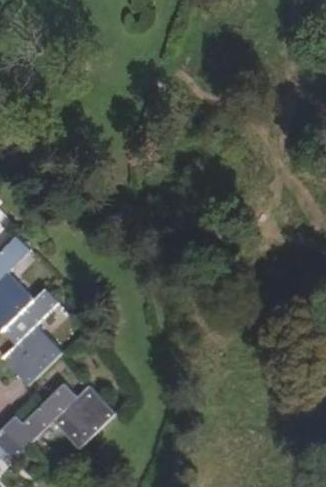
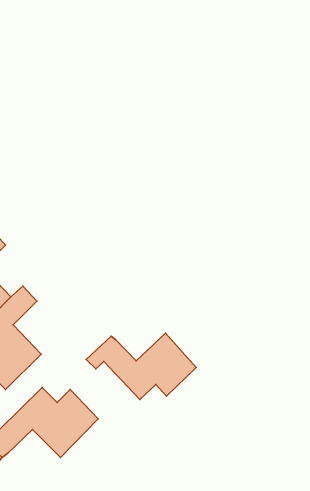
building: none -> [86,333,196,399]

